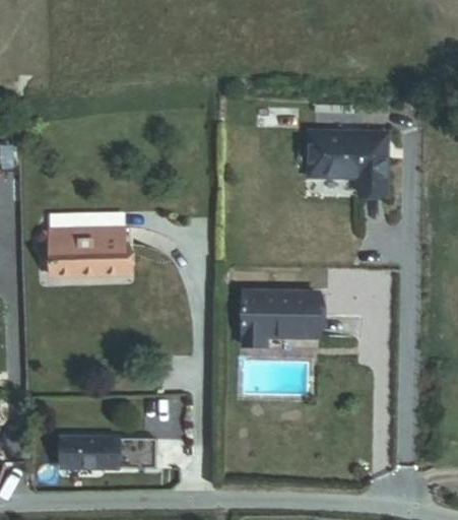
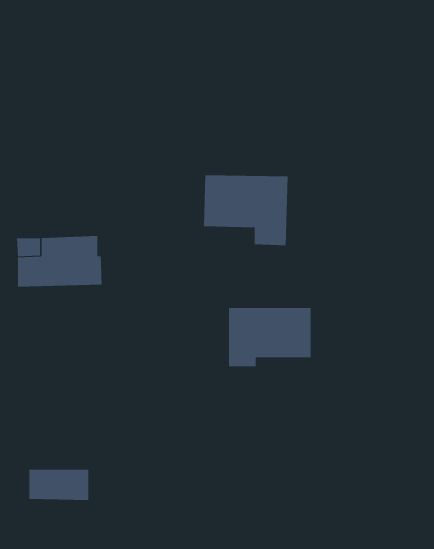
building: [310,130,387,194] -> [203,175,289,246]
building: [117,438,154,466] -> none

